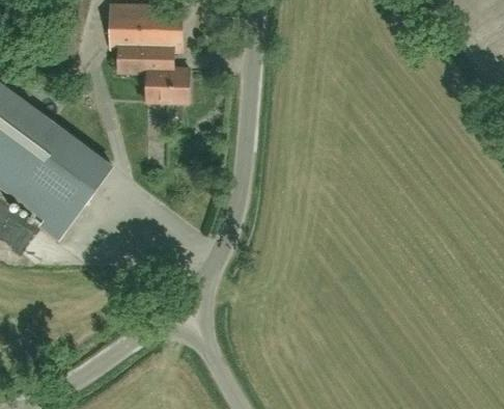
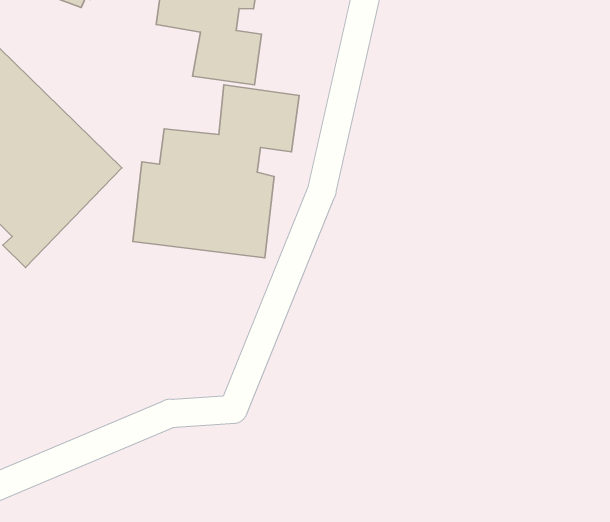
building: none -> [133,85,299,258]

